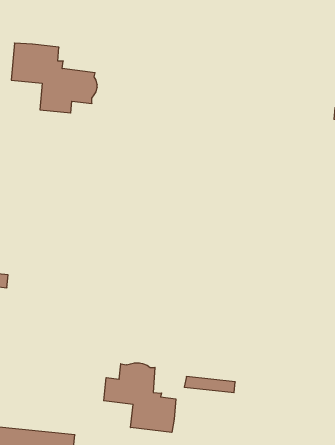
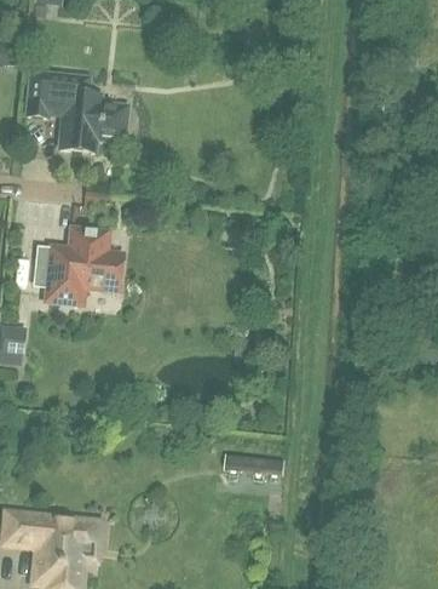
building: none -> [45,227,122,304]
building: [104,363,176,432] -> none

